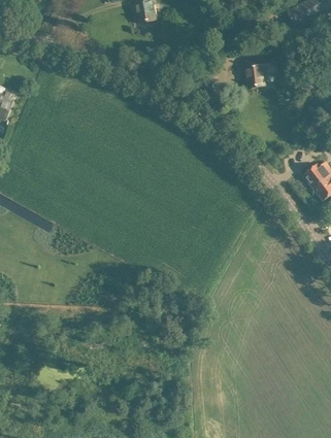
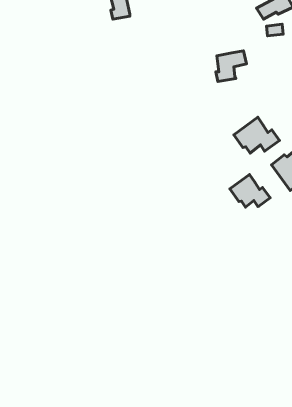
building: none -> [234,117,279,153]
building: none -> [230,175,270,207]

